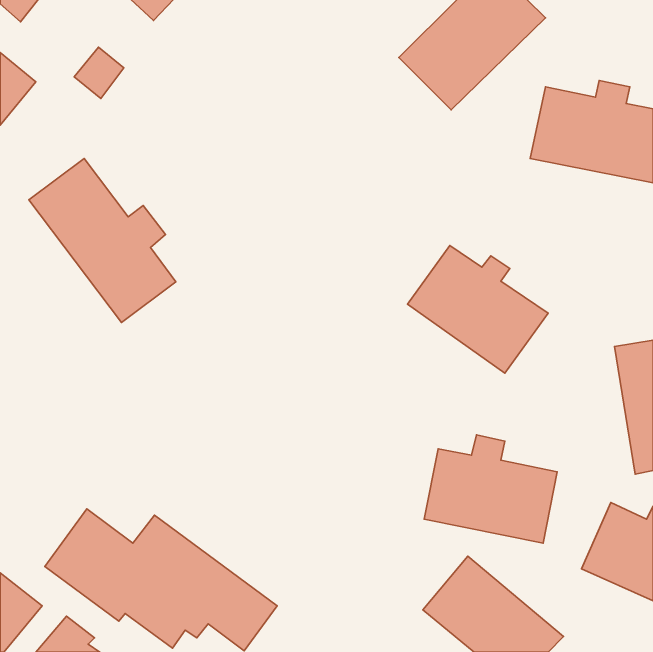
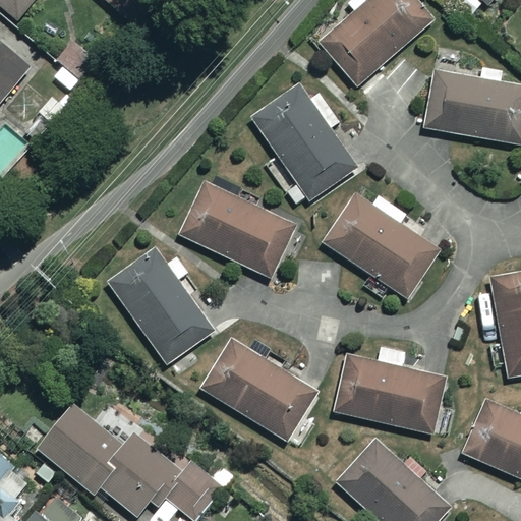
building: none -> [250,86,357,200]
building: [29,159,176,323] -> none
building: none -> [180,183,293,277]
building: none -> [107,250,213,364]
building: none -> [202,347,311,440]

